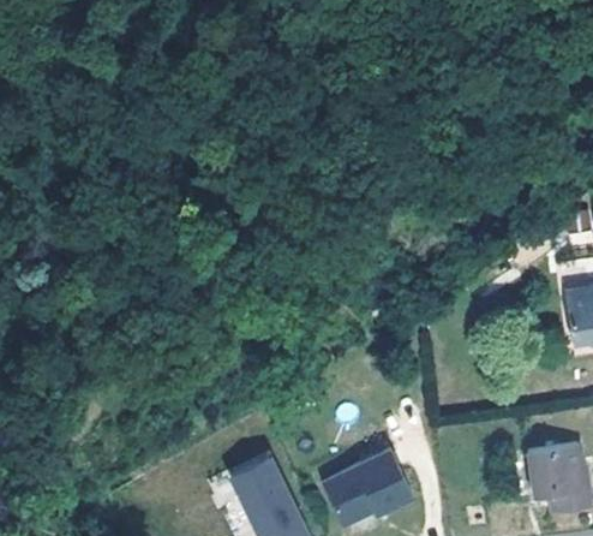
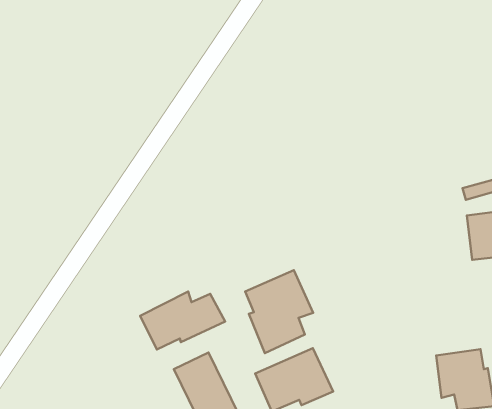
building: none -> [245,270,313,353]
building: none -> [140,292,225,350]

